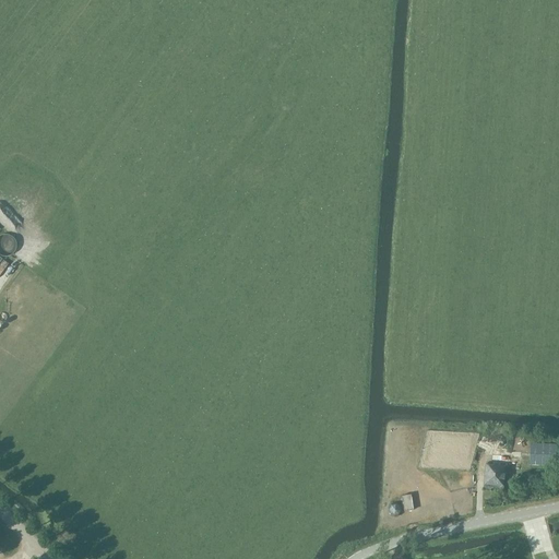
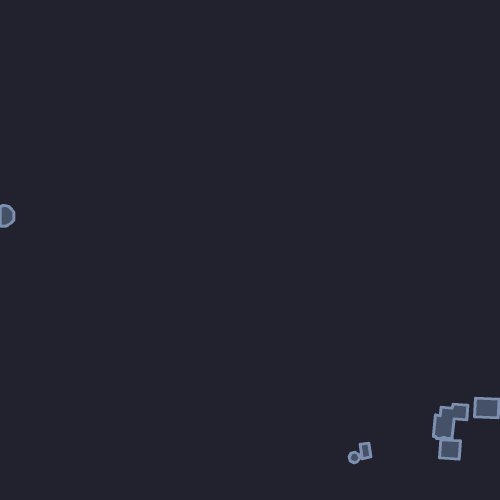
building: none -> [440,440,460,459]

